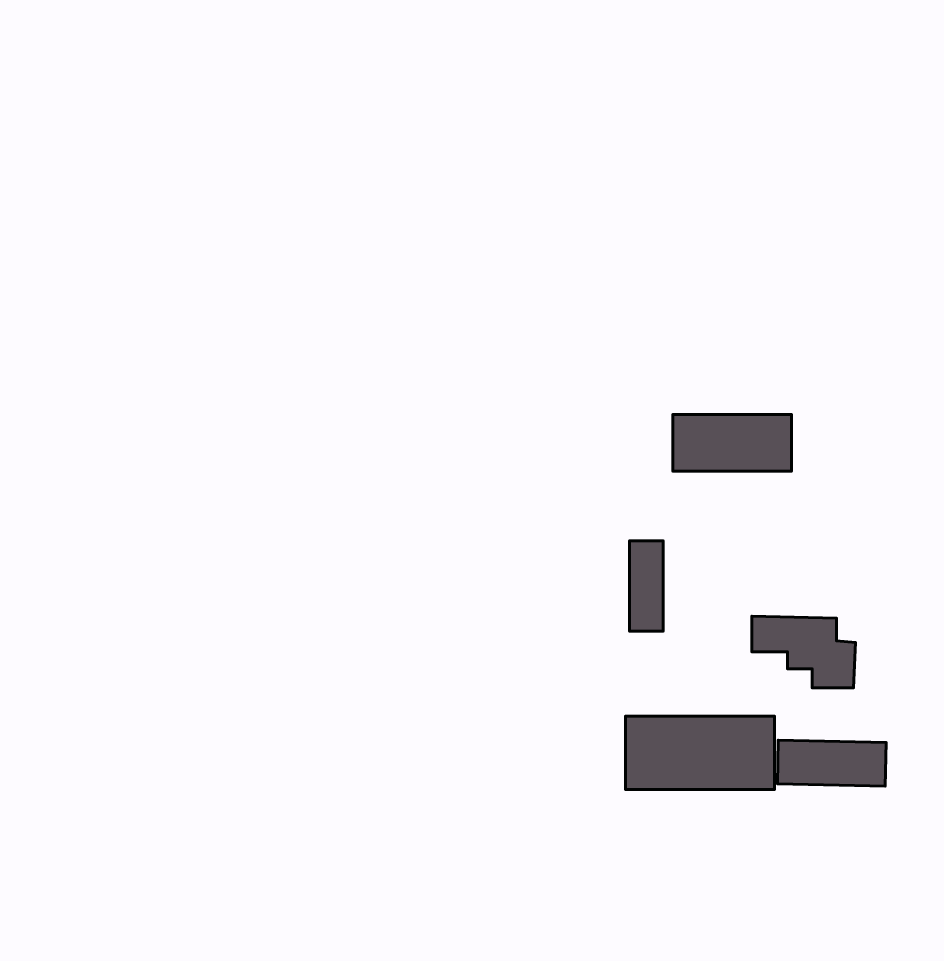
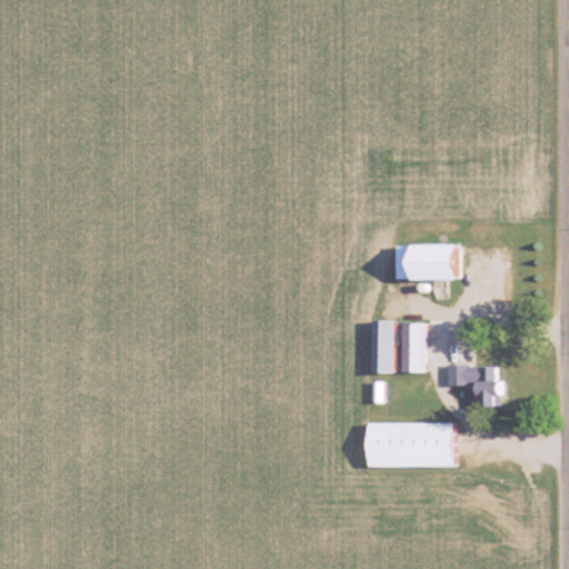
building: none -> [400,325,421,371]
building: [777,740,886,786] -> none

